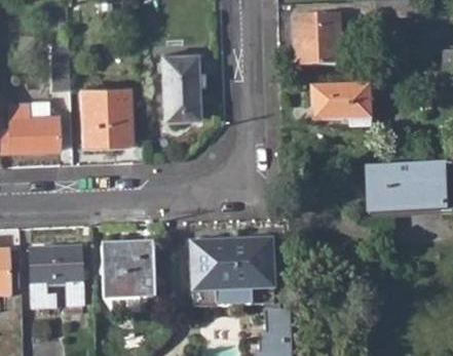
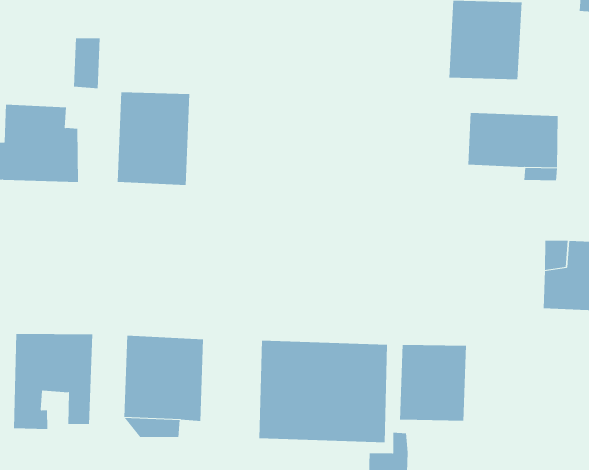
building: [163,54,205,119] -> none
building: none -> [399,344,467,421]

